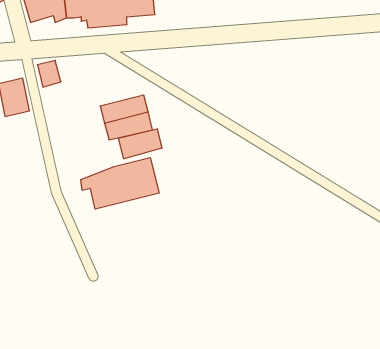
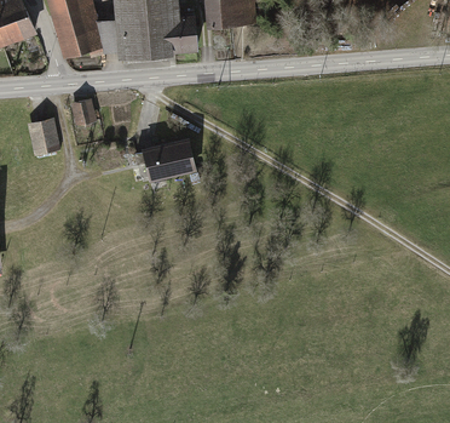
building: [119,129,162,159] -> none
building: [81,158,159,209] -> none

